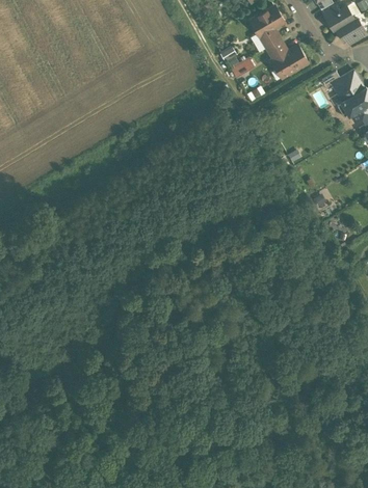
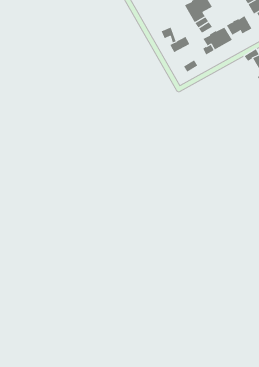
building: none -> [226,15,252,36]

